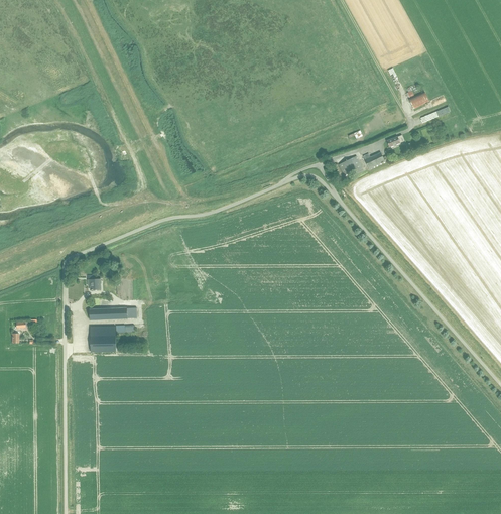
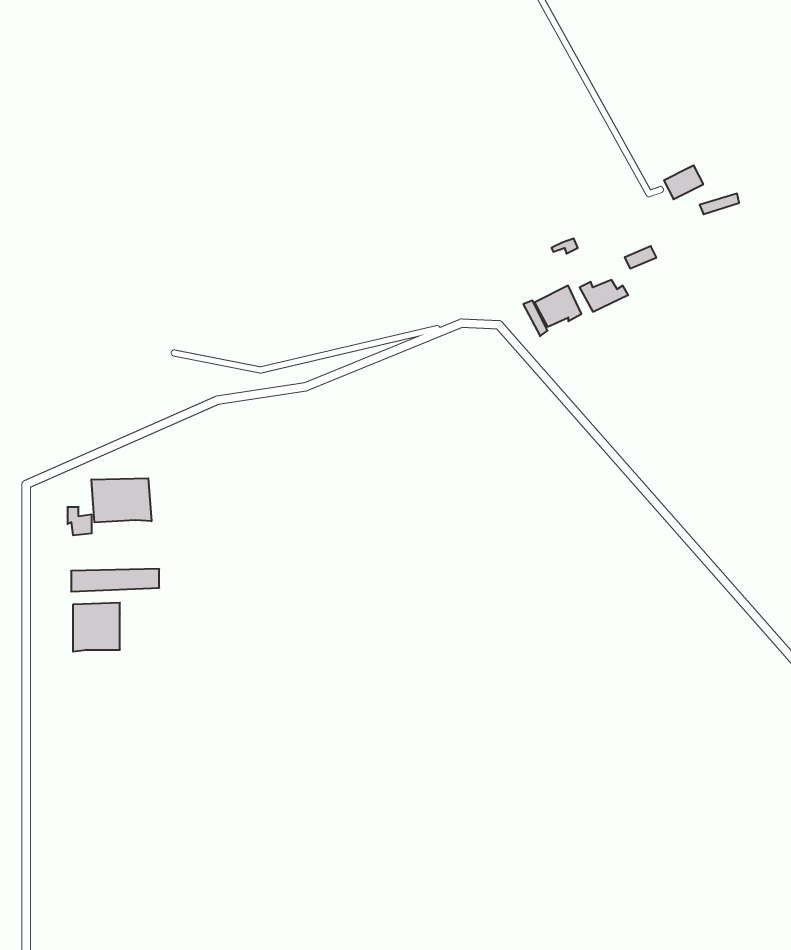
building: none -> [91,478,151,522]

